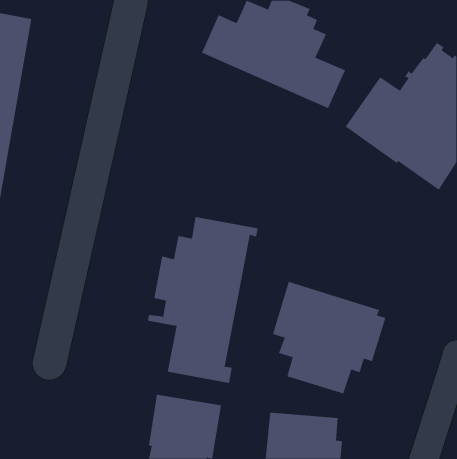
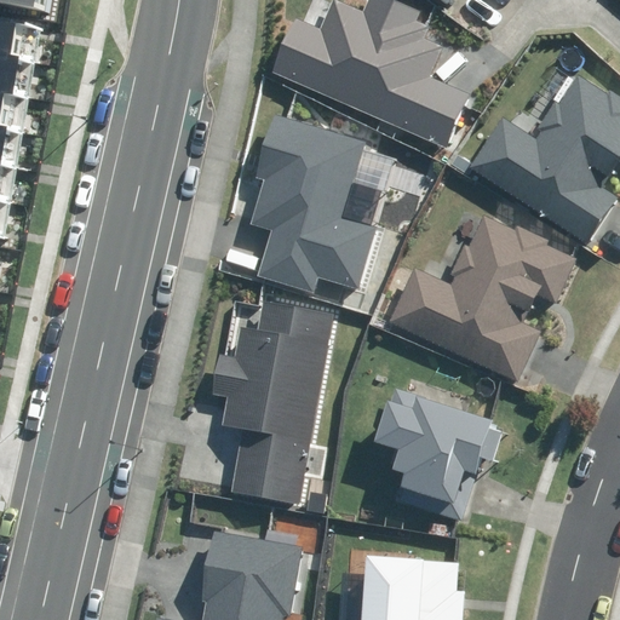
building: none -> [247,114,374,292]
building: none -> [388,208,584,385]

